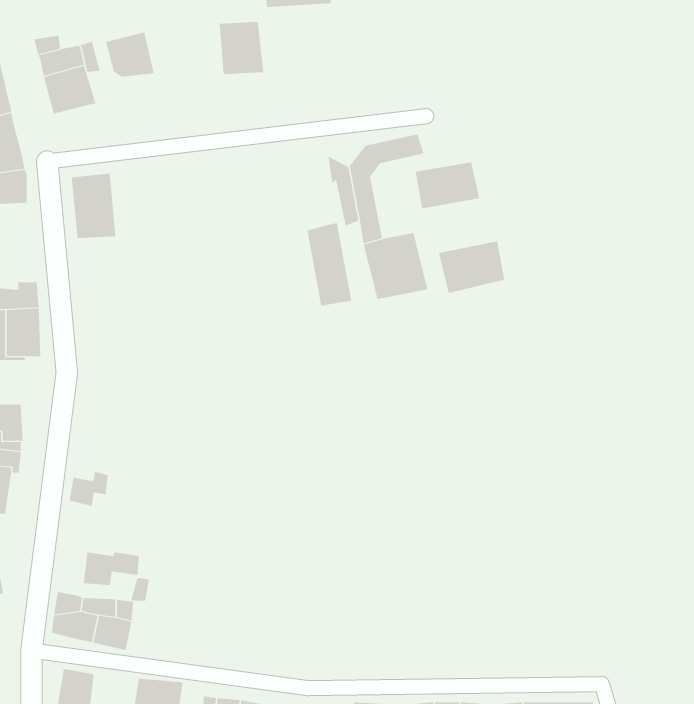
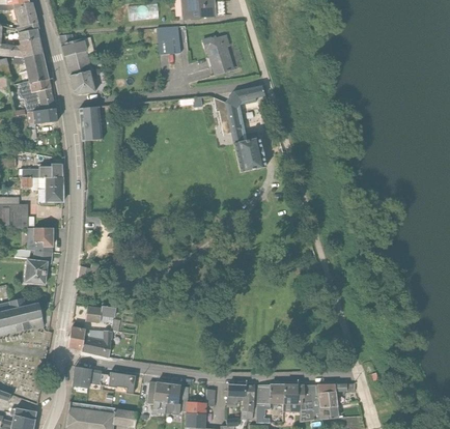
building: [105,32,155,77] -> [69,69,95,93]
building: none -> [201,34,234,76]
building: [415,161,480,209] -> none
building: [307,222,352,307] -> none
building: [438,241,505,294] -> none

